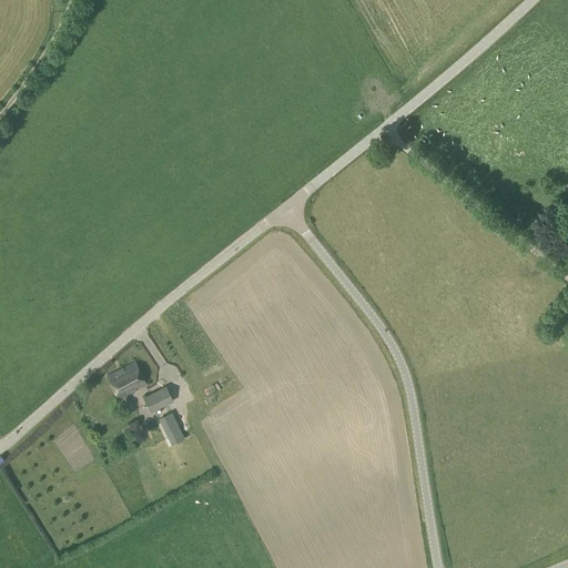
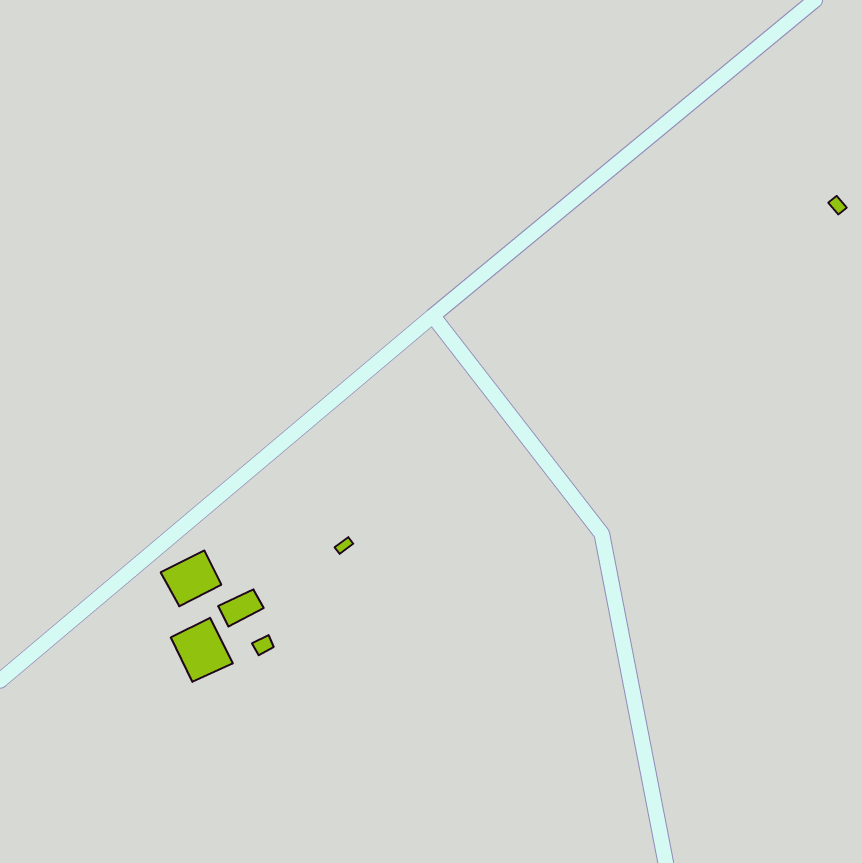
building: none -> [171,618,233,682]

